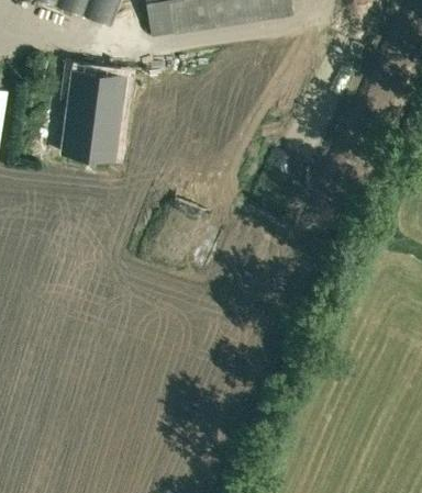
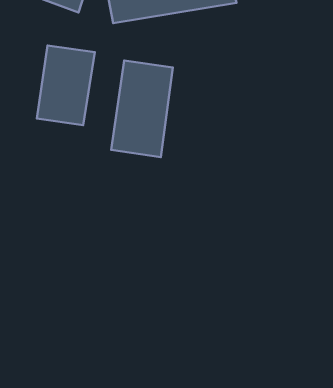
building: none -> [111,61,173,157]

